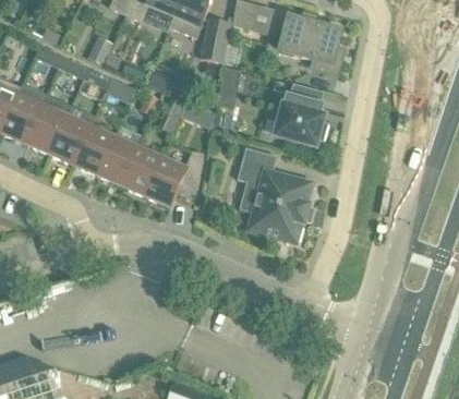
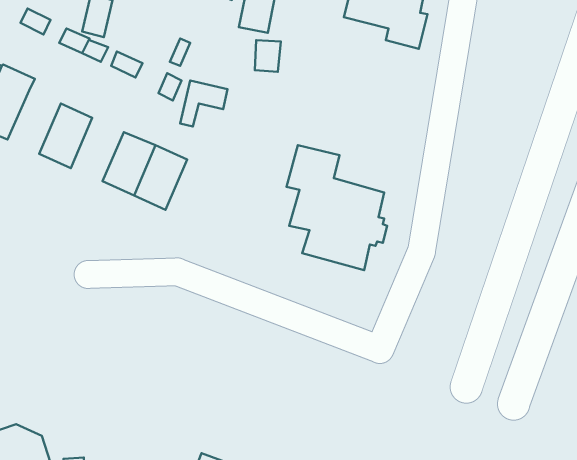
building: [275,84,328,146] -> none
building: [25,97,70,154] -> none
building: [73,126,113,174] -> none
building: [145,152,203,207] -> none

